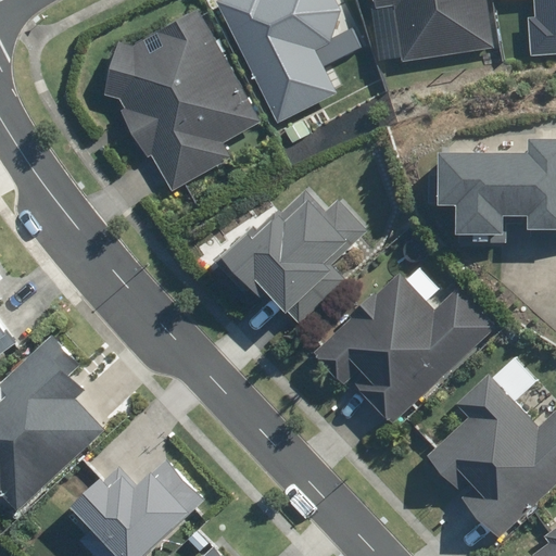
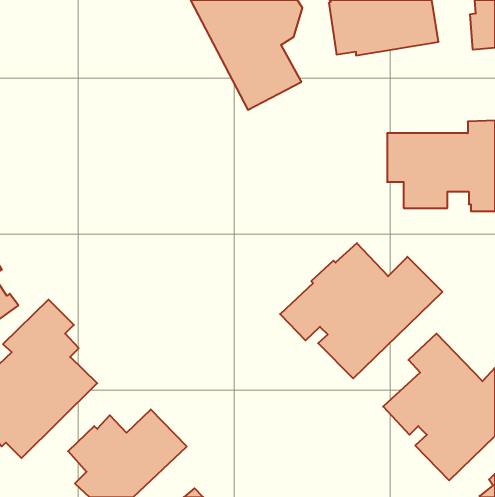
building: [101,8,262,191] -> none
building: [214,187,367,323] -> none

